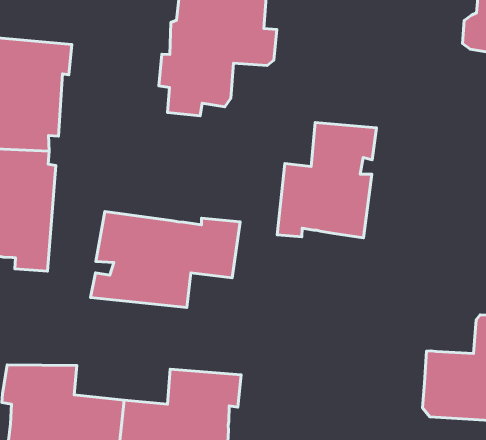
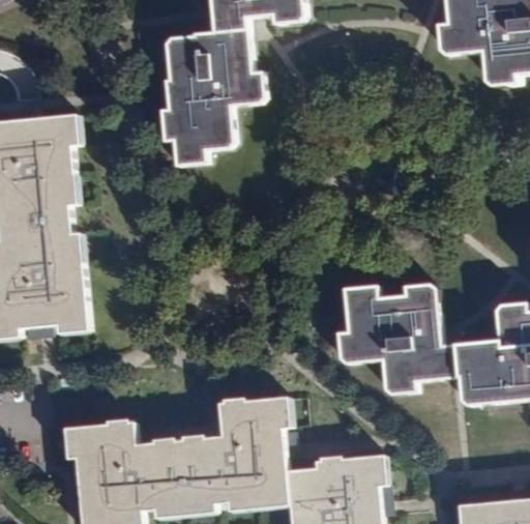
building: [277,123,377,238] -> none
building: [90,212,240,307] -> none
building: none -> [338,285,460,391]

